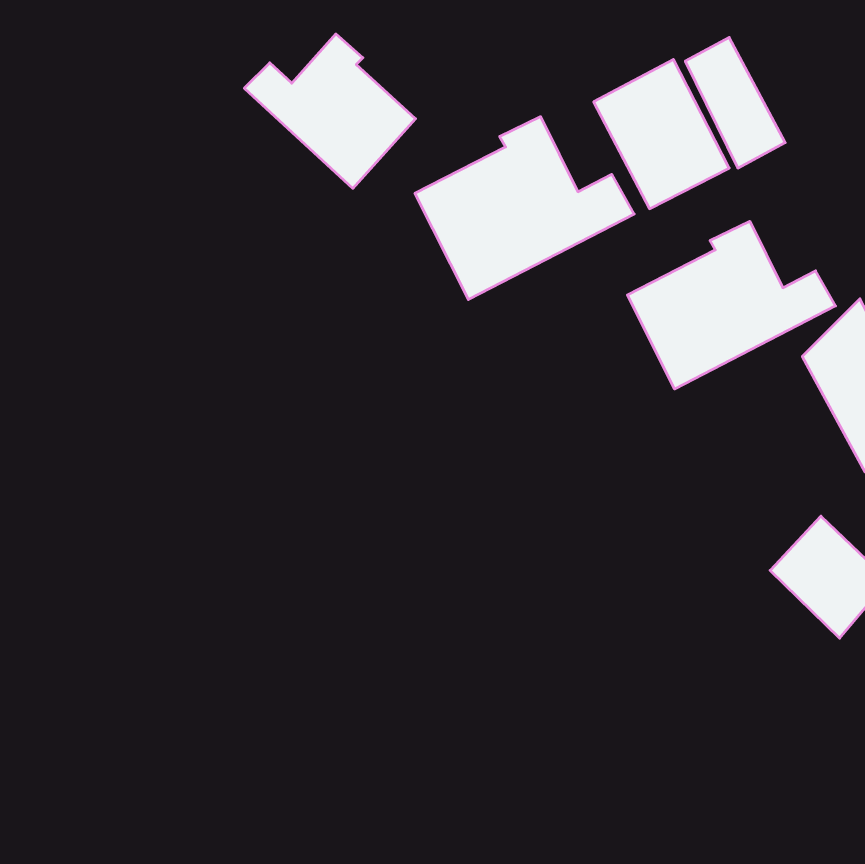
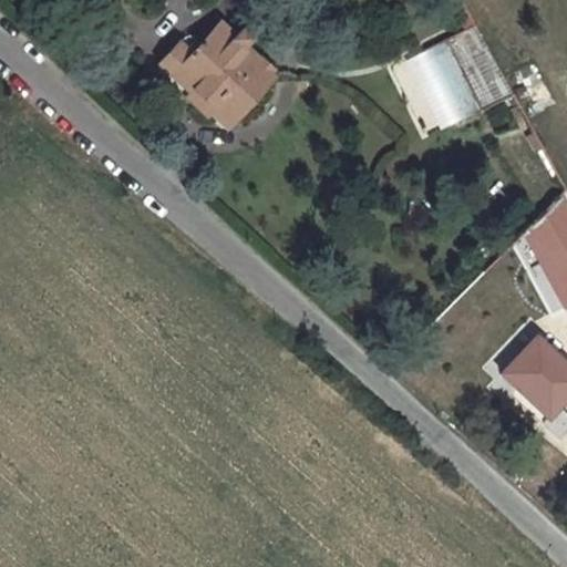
building: [415,117,634,300] -> none
building: [627,221,836,389] -> none

